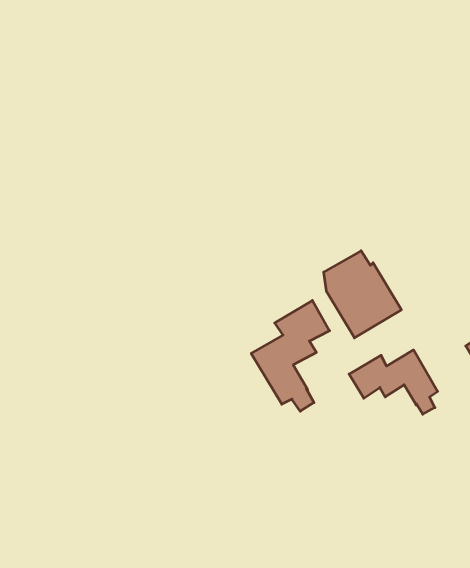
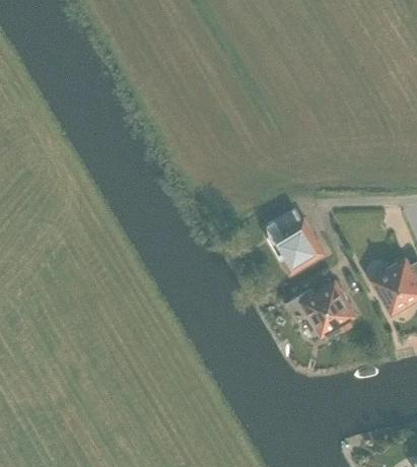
building: [251,300,330,411] -> none

